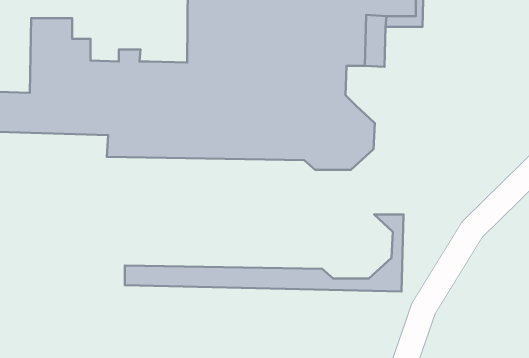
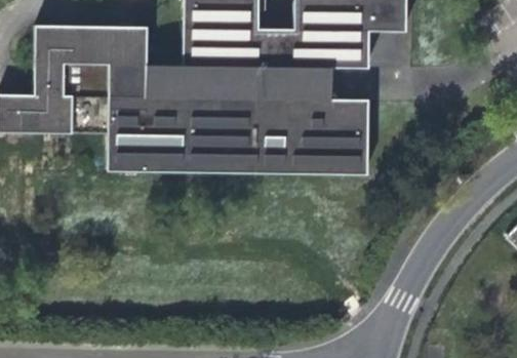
building: none -> [74,23,148,64]
building: [125,215,404,292] -> [107,106,370,178]

